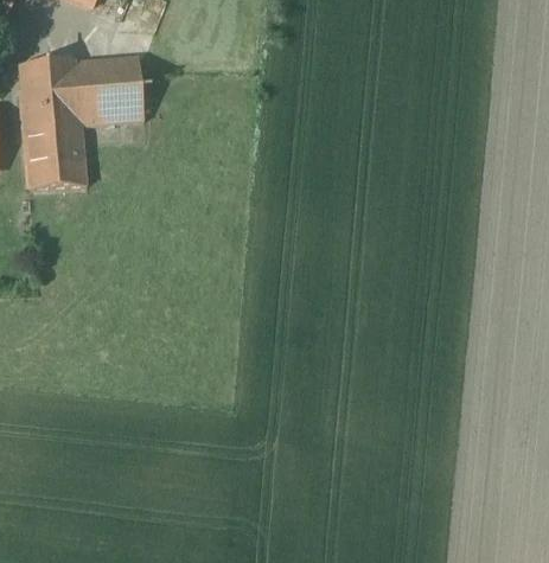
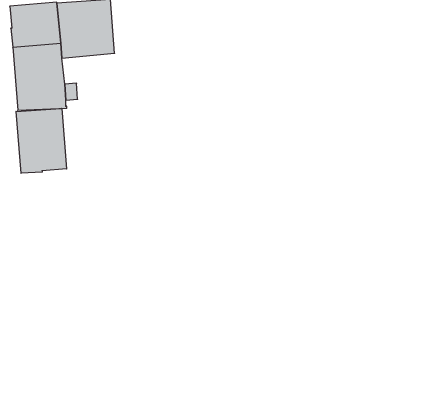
building: none -> [16,108,67,173]

